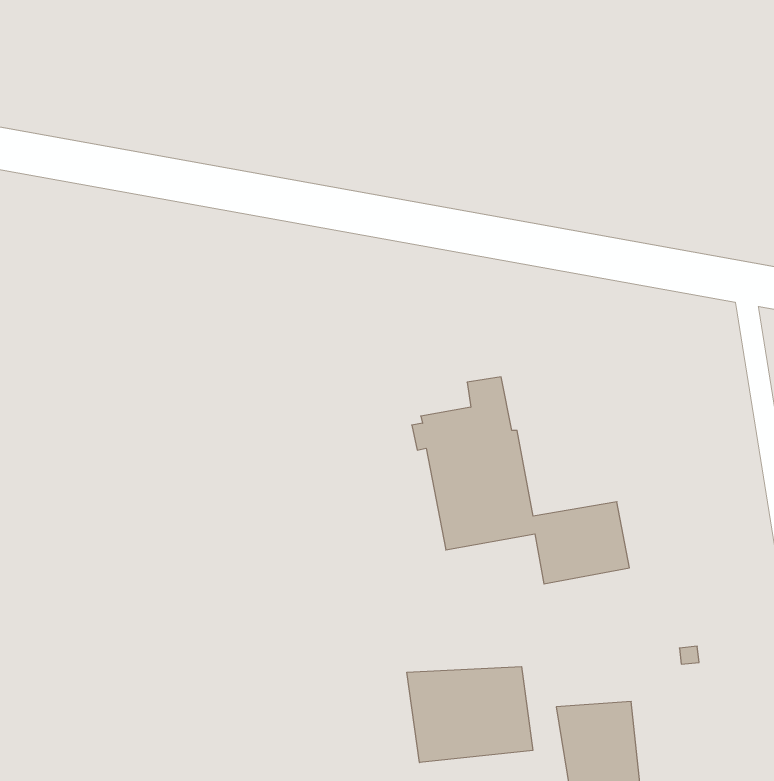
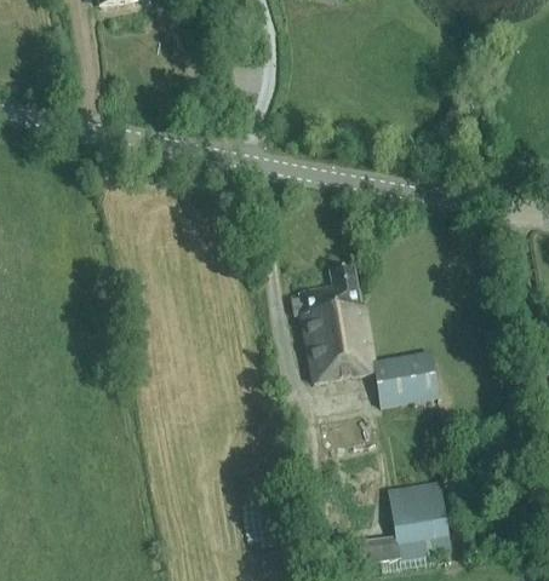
building: [407,667,533,763] -> none

